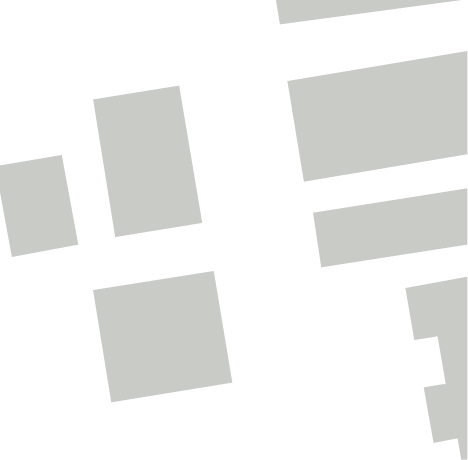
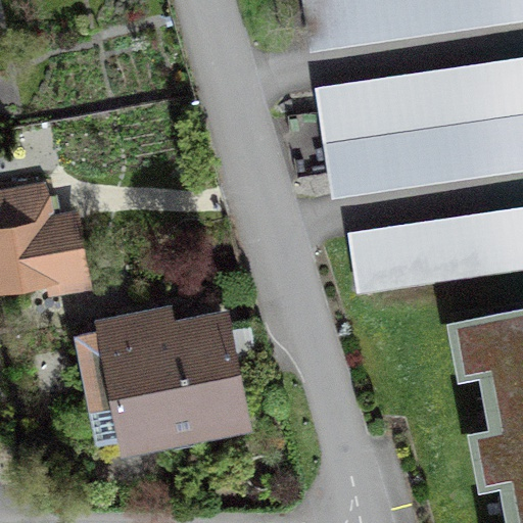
building: [92,85,203,238] -> none

